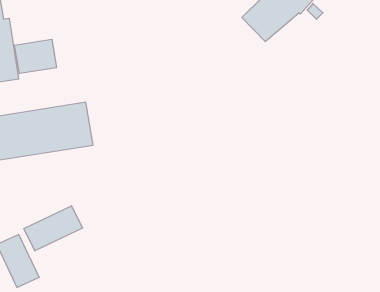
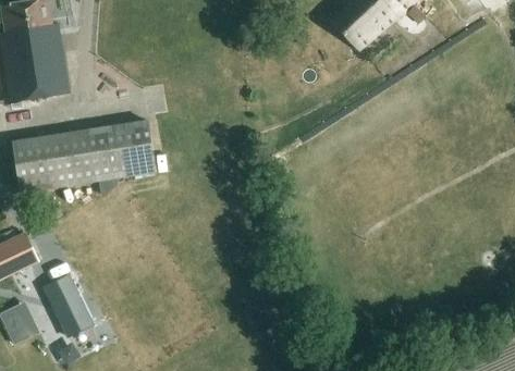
building: [15,39,57,74] -> none
building: [24,206,83,251] -> none

